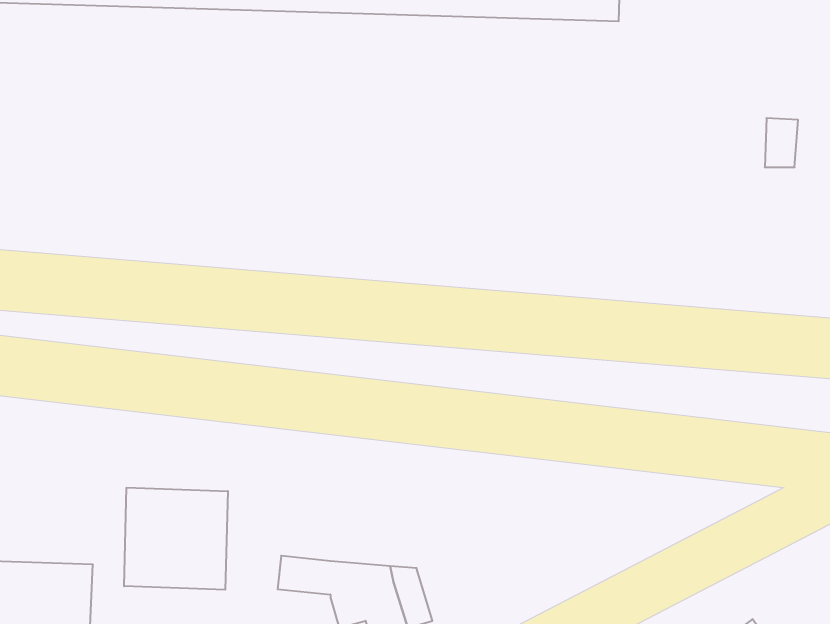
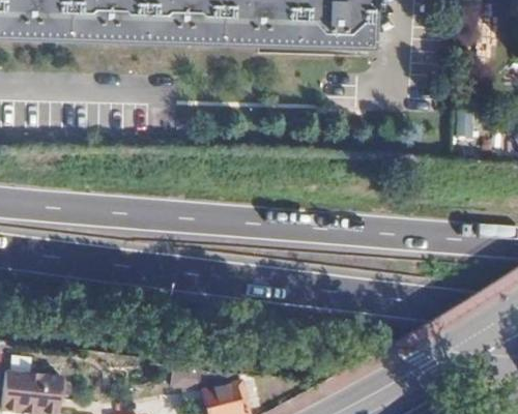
building: [124,488,228,590] -> none

